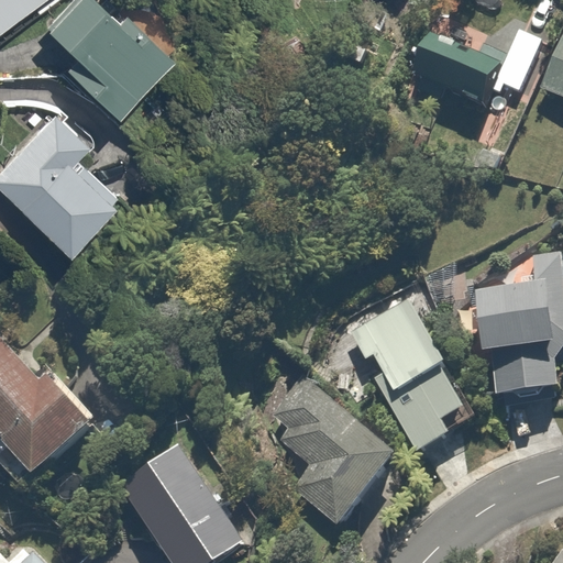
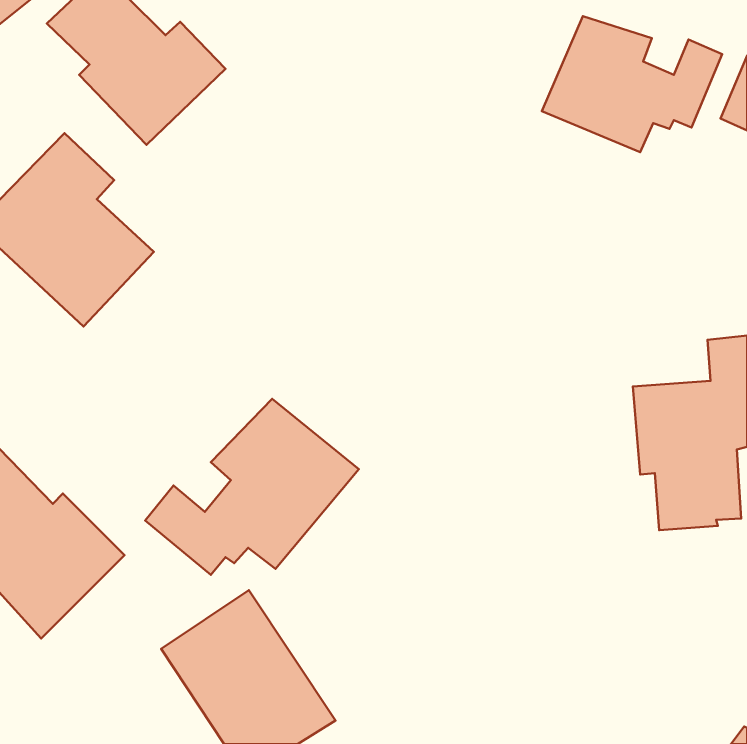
building: [351,298,474,455] -> none
building: none -> [145,399,359,575]
building: [268,377,394,527] -> none

